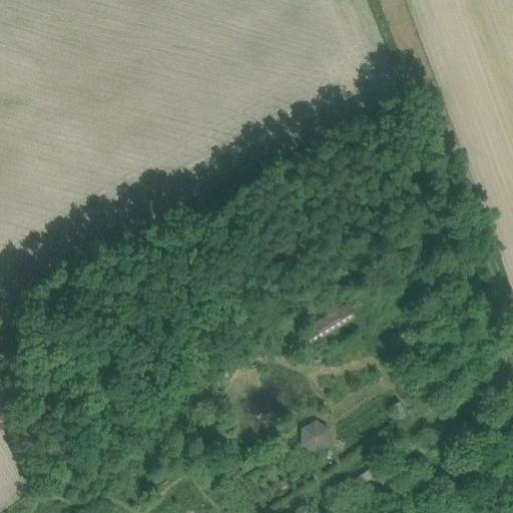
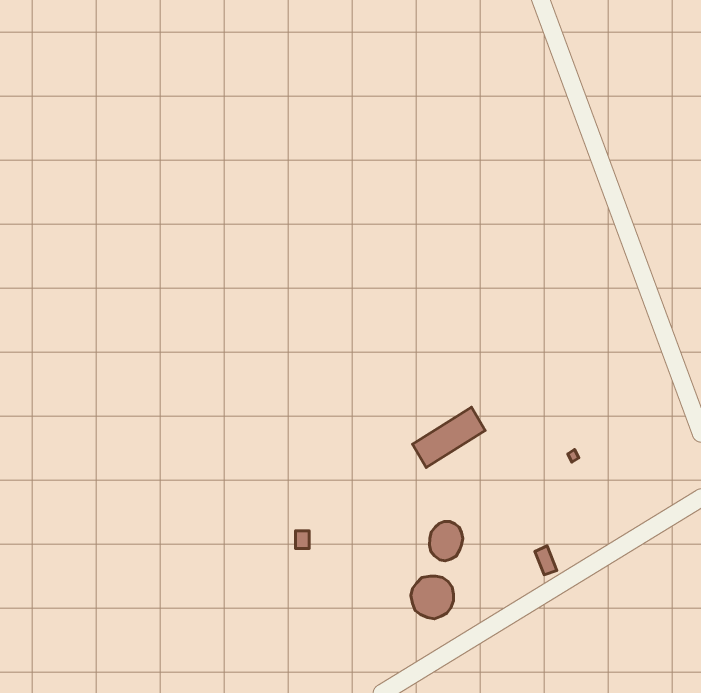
building: none -> [430,521,463,561]

